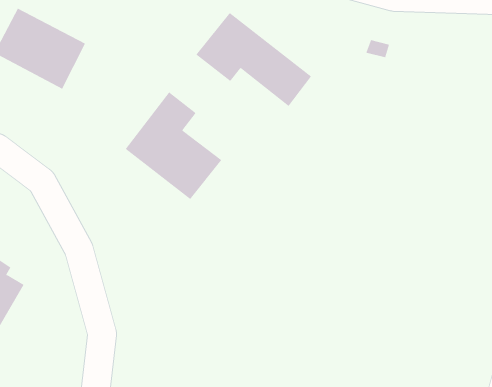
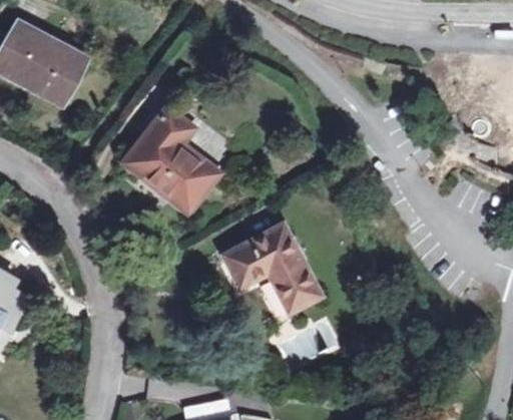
building: [196,12,312,107] -> none
building: none -> [225,225,321,311]

